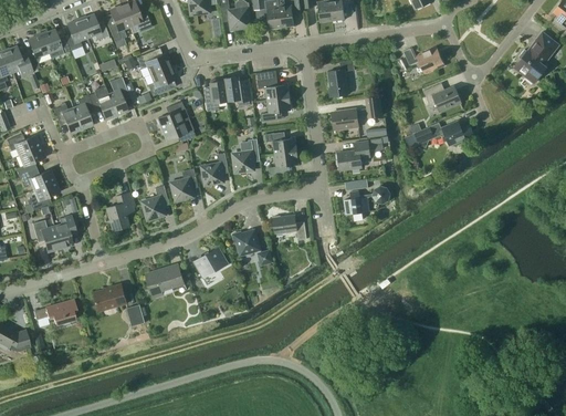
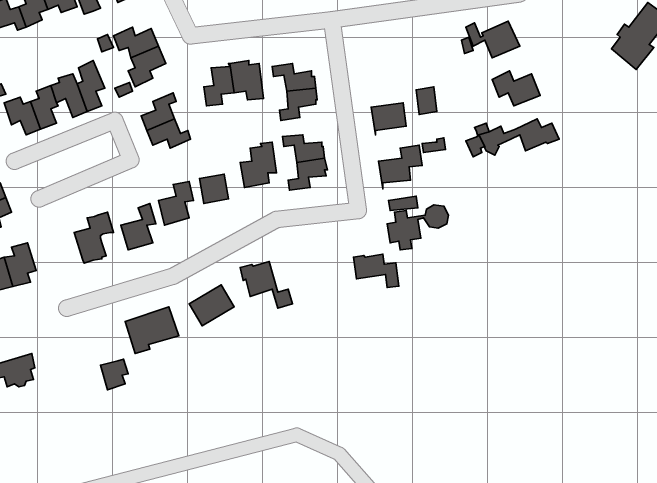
building: [327,60,354,96] -> none
building: [272,215,306,240] -> [354,254,399,288]
building: [94,283,127,311] -> none

